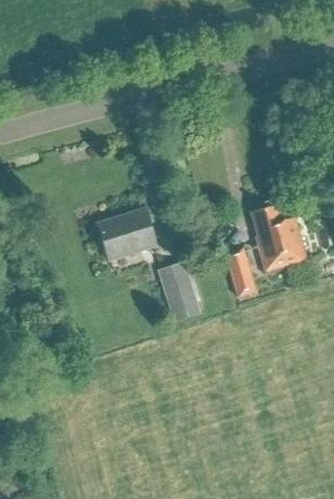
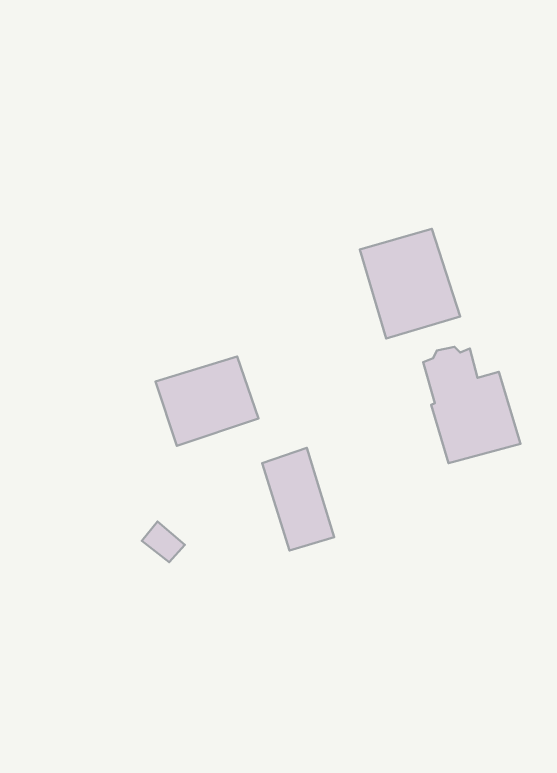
building: none -> [360,229,460,338]
building: [223,247,255,296] -> none

